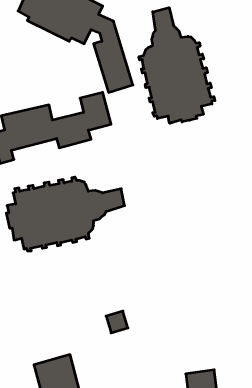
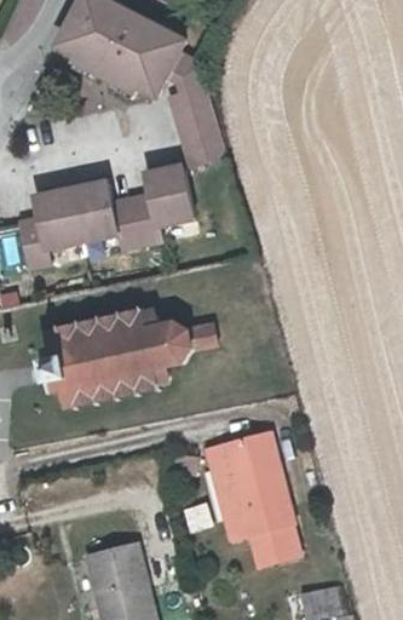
building: [139,8,215,123] -> none
building: none -> [220,435,295,568]

